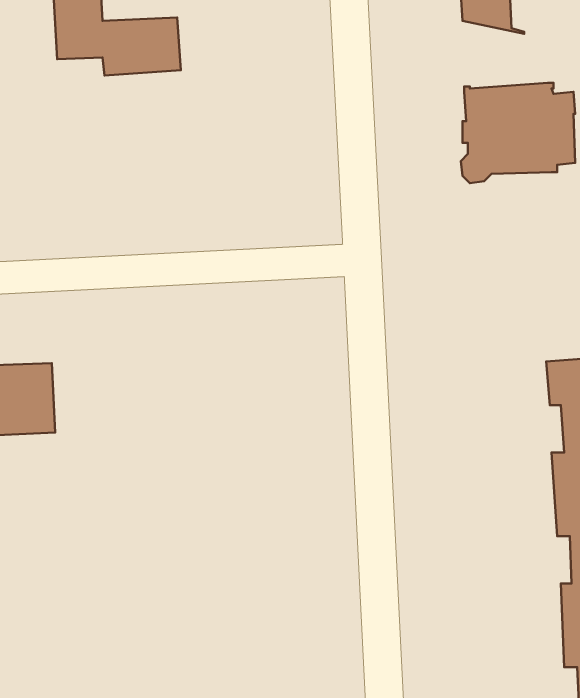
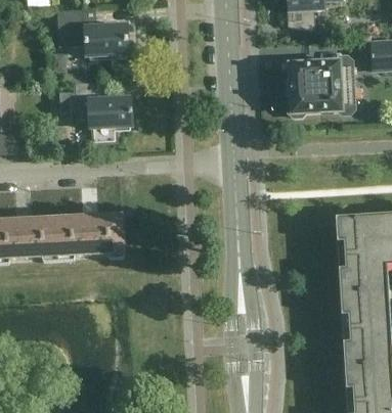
building: none -> [75,81,132,143]
building: none -> [56,213,125,256]

